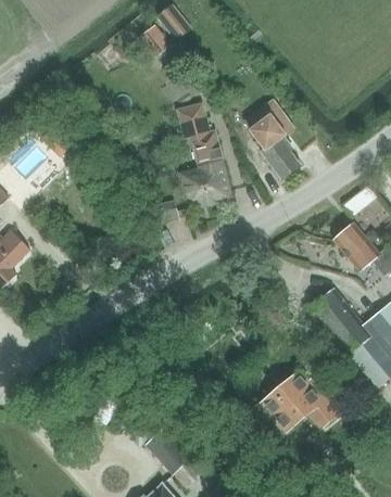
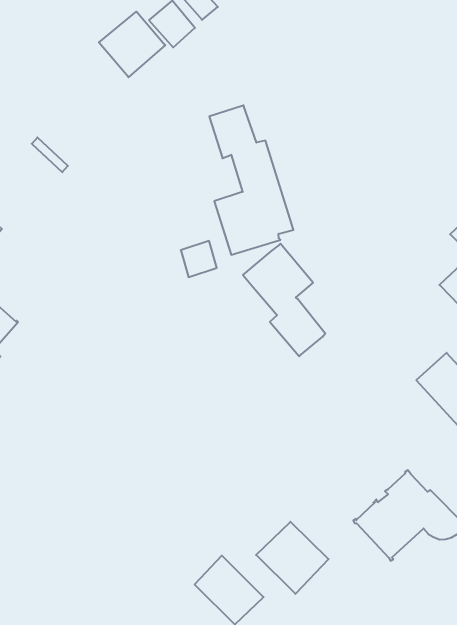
building: none -> [99,12,165,77]
building: [243,98,300,179] -> [243,244,325,356]
building: none -> [256,522,329,594]

